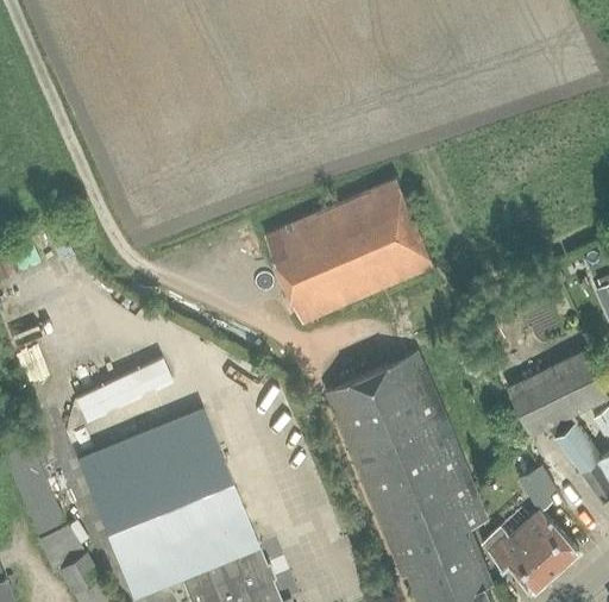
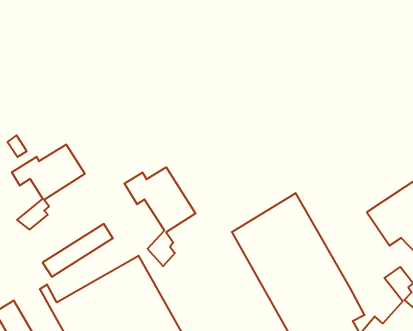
building: [265,181,434,325] -> none
building: none -> [12,144,85,229]
building: none -> [124,167,195,266]

